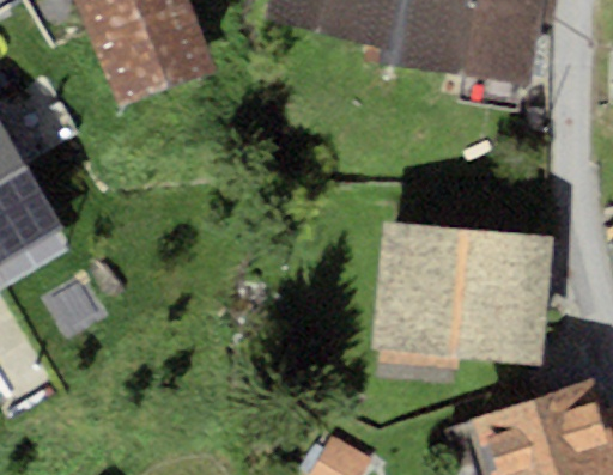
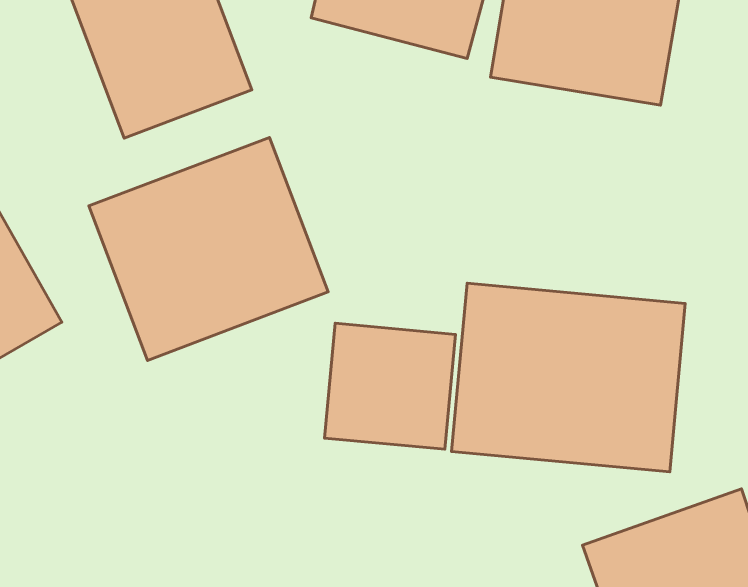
building: none -> [89,137,328,360]
building: none -> [324,323,456,449]

